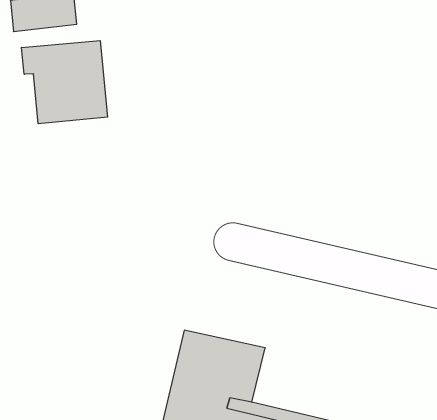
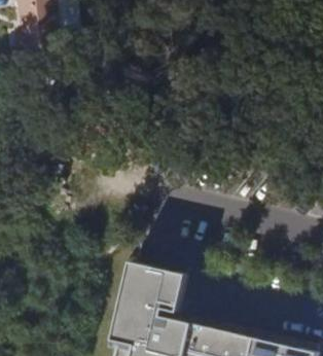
building: [21,41,108,124] -> none

